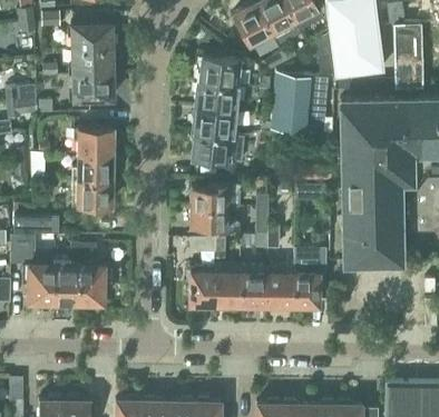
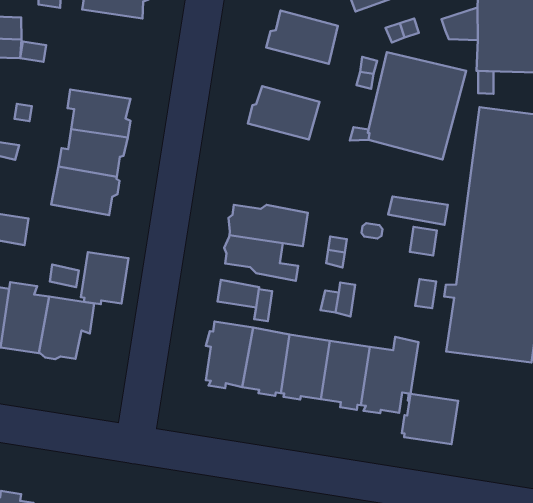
building: [74,76,116,101] -> none
building: [196,82,240,112] -> none
building: [192,133,244,163] -> none
building: none -> [81,252,128,304]
building: none -> [402,394,458,444]

